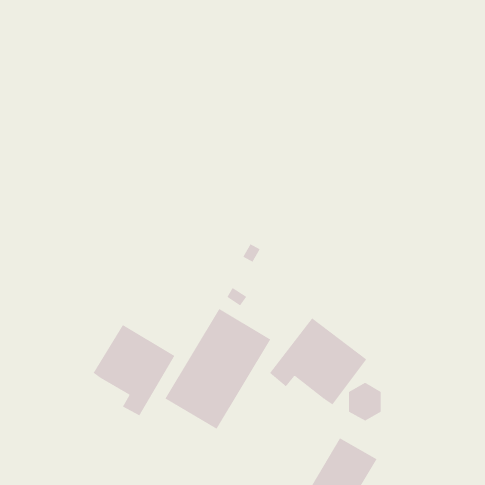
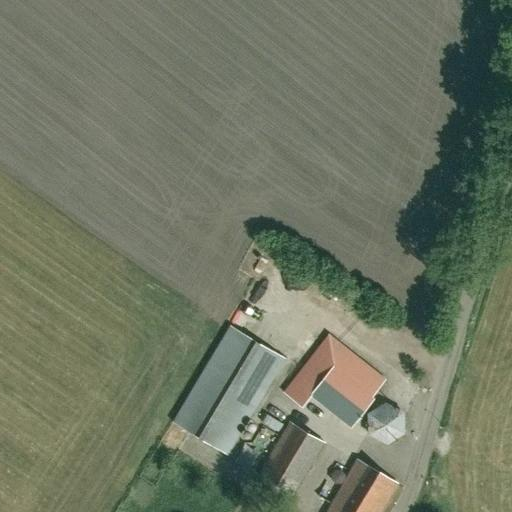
building: [93,324,175,416] -> none
building: none -> [261,422,324,493]

